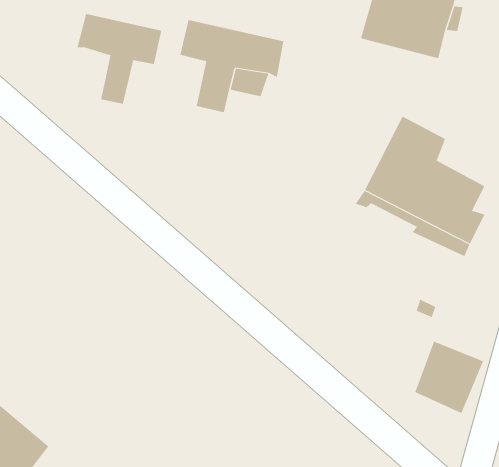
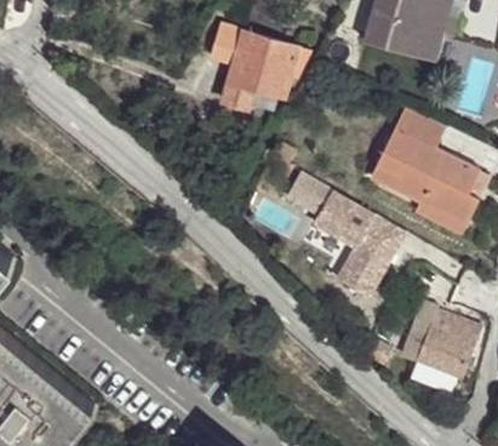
building: [77,13,162,104] -> none
building: none -> [292,172,411,298]

